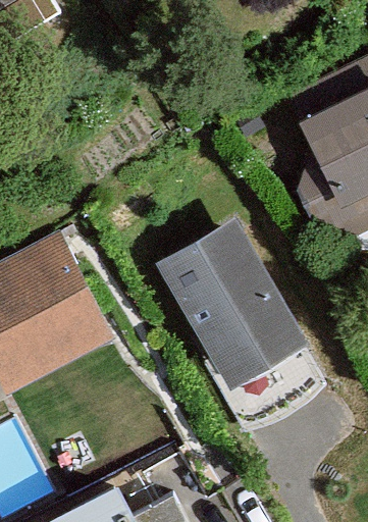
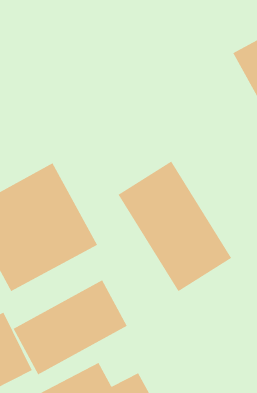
building: none -> [12,279,128,376]

